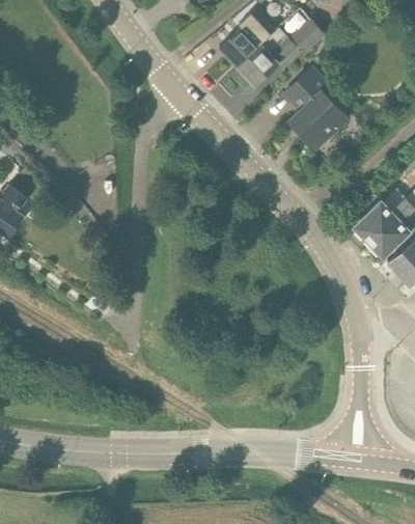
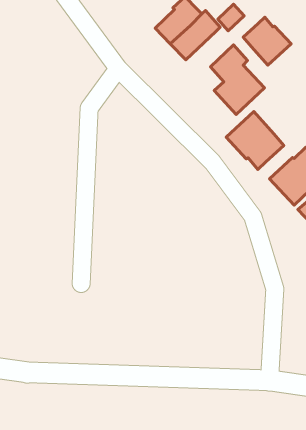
building: none -> [243,17,291,65]
building: none -> [226,112,284,170]

